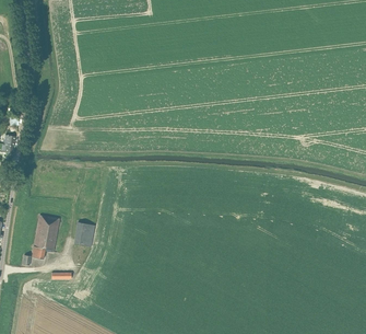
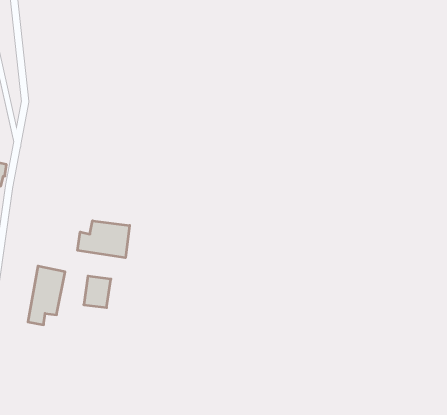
building: none -> [78,221,130,258]

